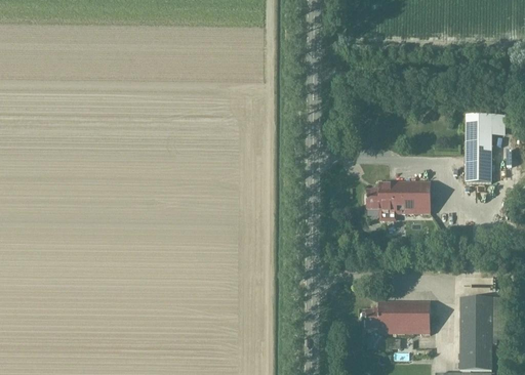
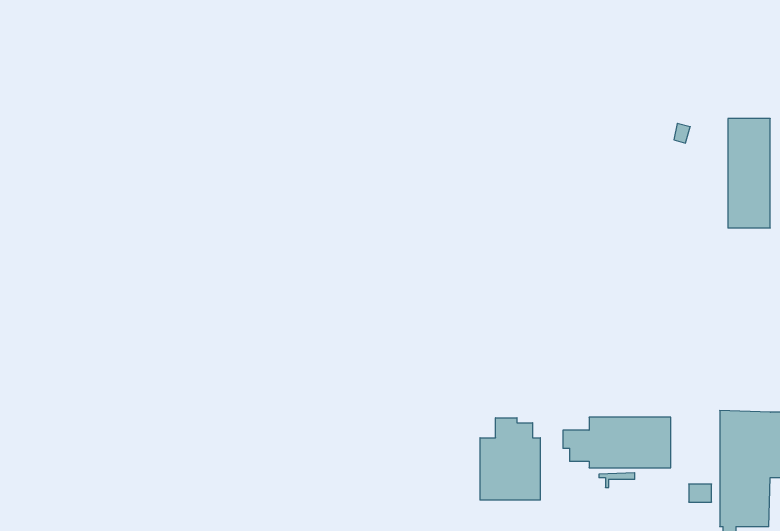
building: [366,180,430,212] -> none
building: none -> [480,418,540,500]

